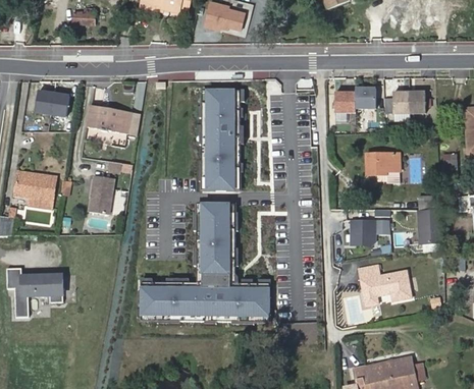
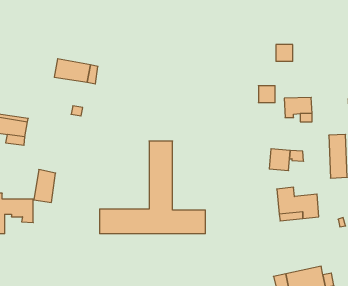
building: [34,89,69,114] -> none
building: [205,89,235,191] -> none
building: [335,92,356,112] -> [258,86,275,103]
building: [393,92,425,113] -> none
building: [88,175,114,215] -> [34,170,56,202]

